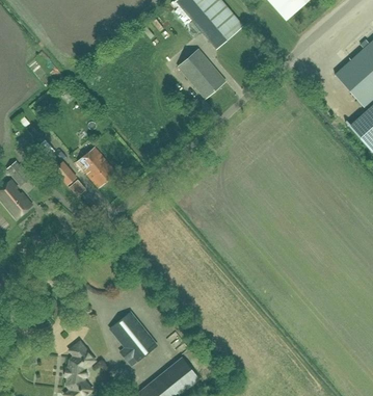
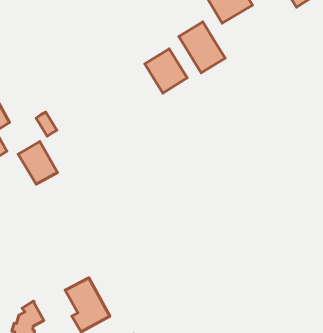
building: none -> [145,49,187,93]
building: [76,146,116,187] -> [18,141,58,184]

